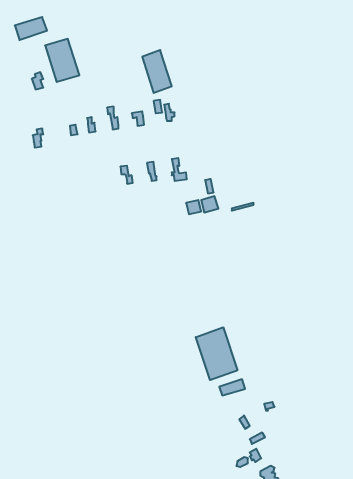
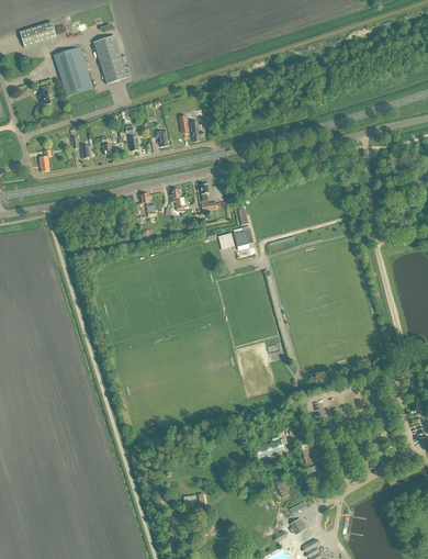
building: [142,50,172,93] -> [93,34,127,83]
building: [196,327,237,380] -> none

